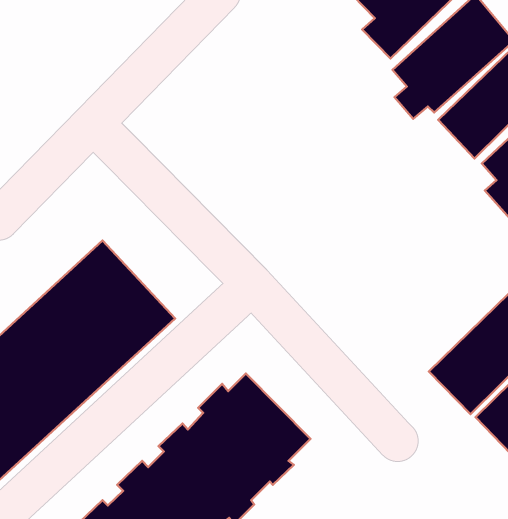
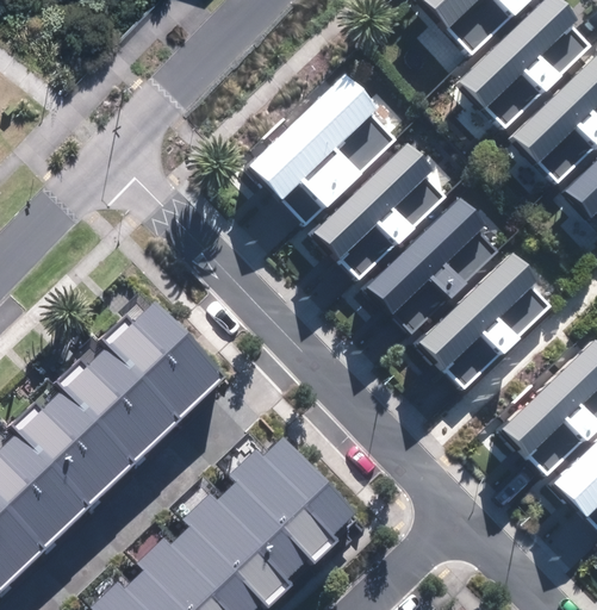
building: none -> [251,77,392,222]
building: none -> [315,144,447,281]
building: none -> [367,199,498,335]
building: none -> [421,255,553,388]

